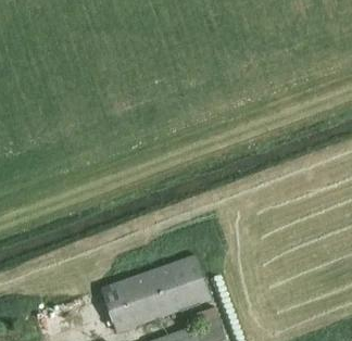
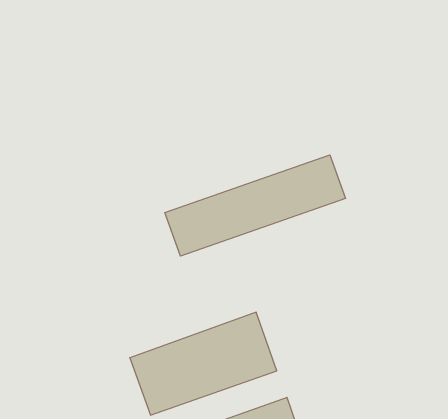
building: none -> [165,155,346,256]

